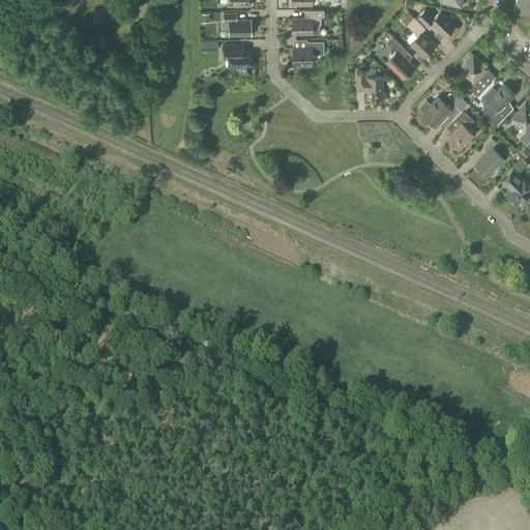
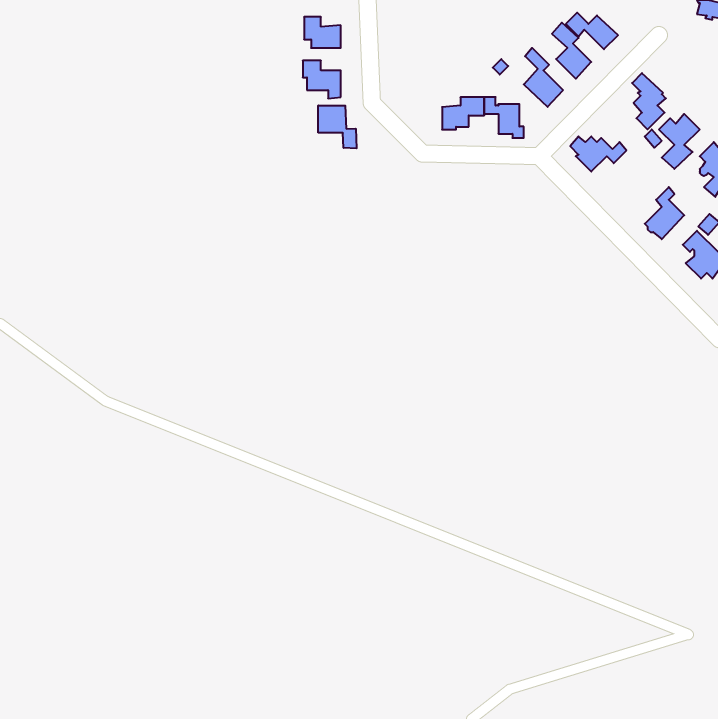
building: [293,9,325,34] -> none
building: [293,41,324,65] -> [442,97,484,130]
building: none -> [318,105,357,148]
building: [447,110,475,149] -> none

